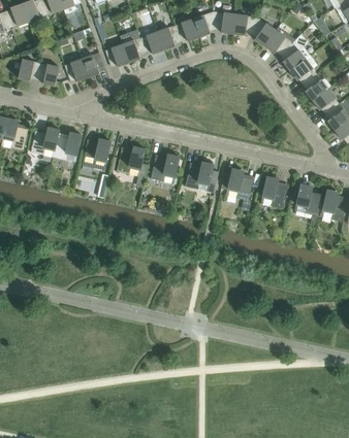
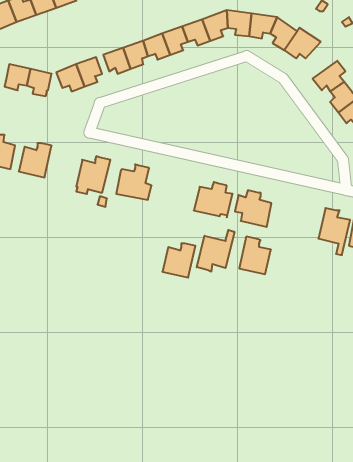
building: [282,34,311,70] -> none
building: [54,129,82,162] -> none
building: [151,154,180,183] -> [162,243,195,278]
building: [260,175,288,208] -> [239,237,271,274]
building: none -> [197,230,234,272]

